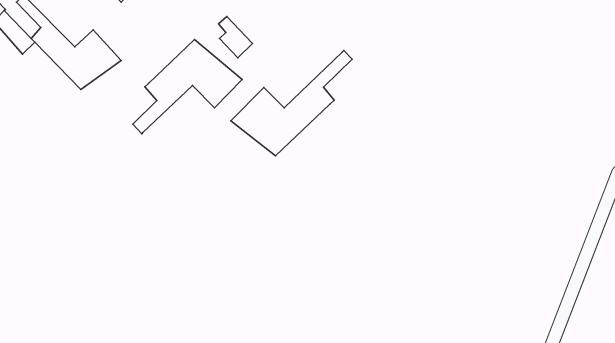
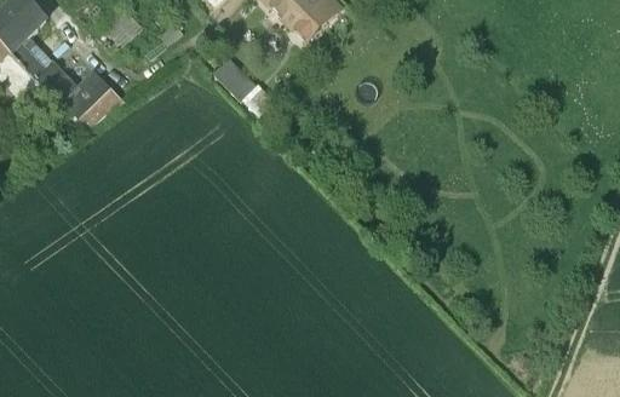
building: [133,40,242,134] -> none
building: [231,51,352,156] -> none

